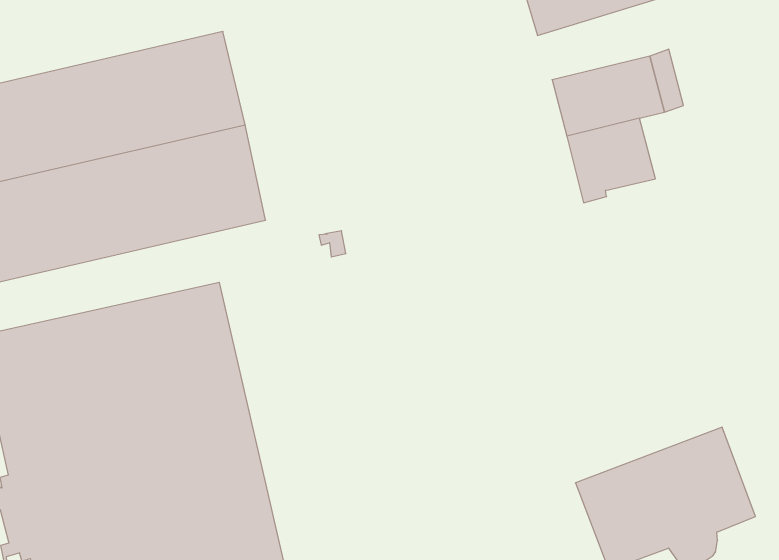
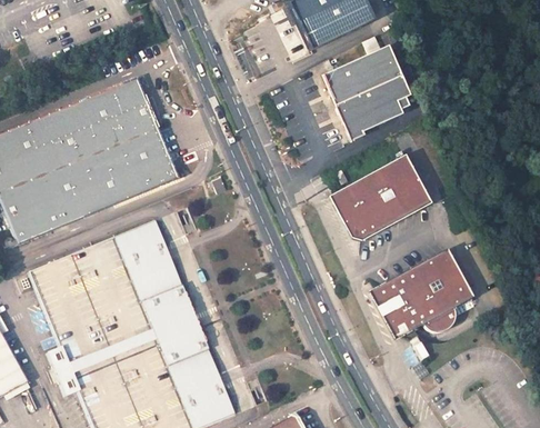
building: none -> [376,77,413,120]
building: none -> [329,156,430,238]

